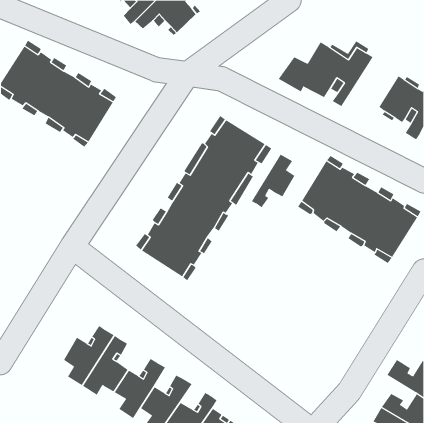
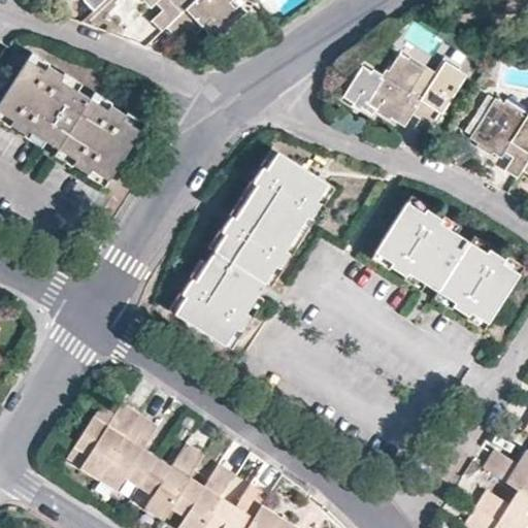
building: [251,154,295,208] -> none

